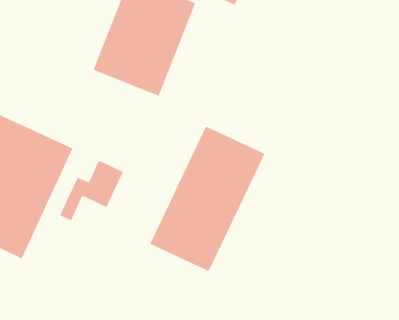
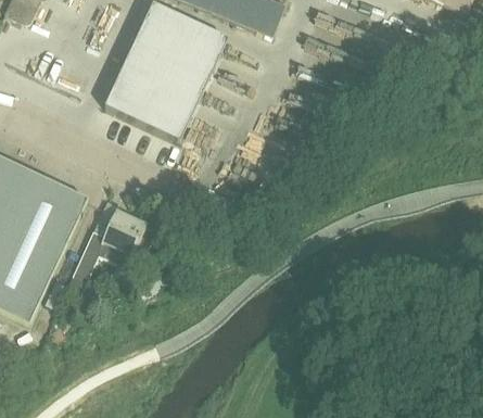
building: [149,126,266,272] -> none

